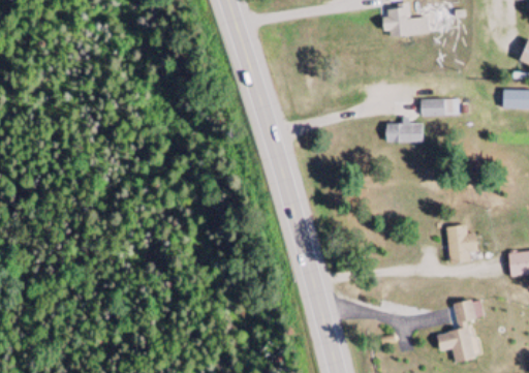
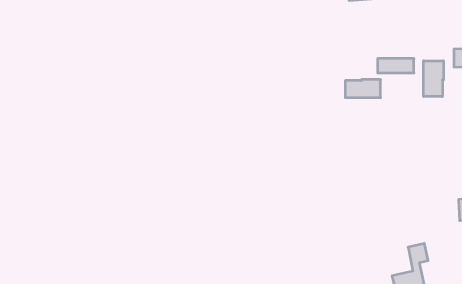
building: none -> [424,61,443,97]
building: [446,225,477,263] -> none

